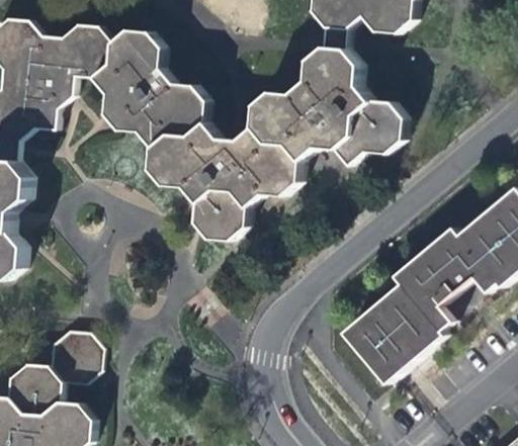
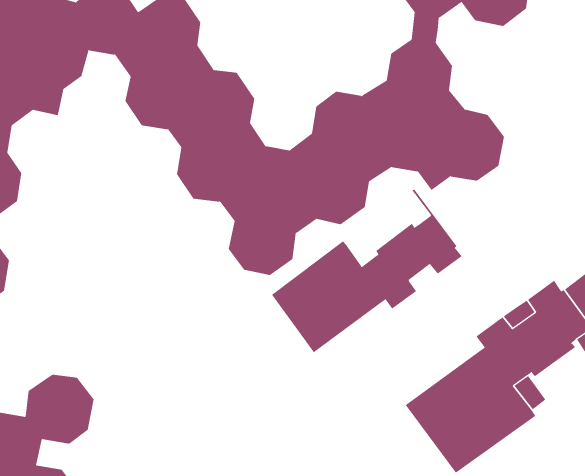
building: none -> [271,188,462,353]

